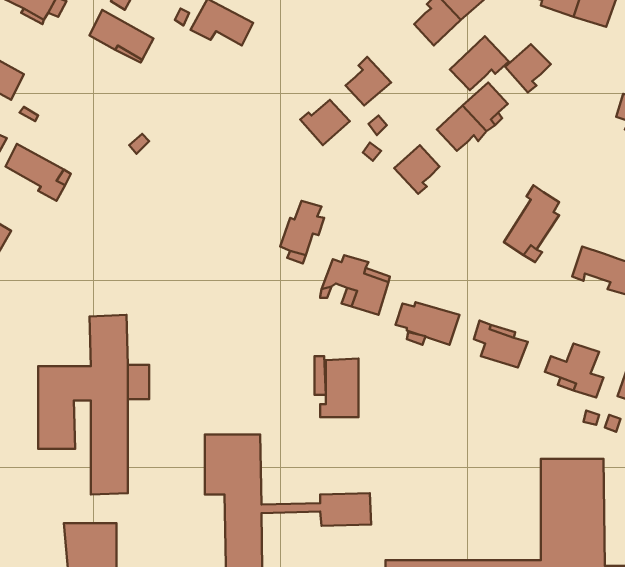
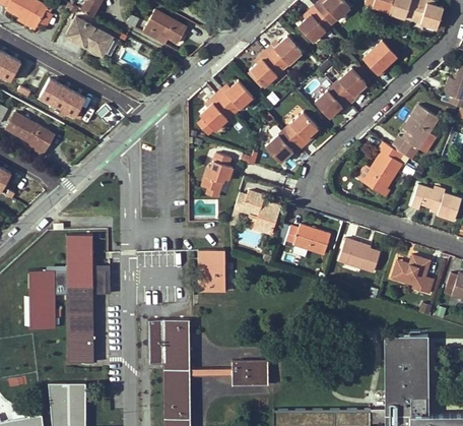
building: [450,36,509,90] -> none
building: none -> [265,38,301,69]
building: none -> [40,79,85,120]
building: none -> [198,95,234,136]
building: none -> [391,106,439,157]
building: none -> [266,130,302,163]
building: [320,359,358,417] -> [198,250,225,292]

